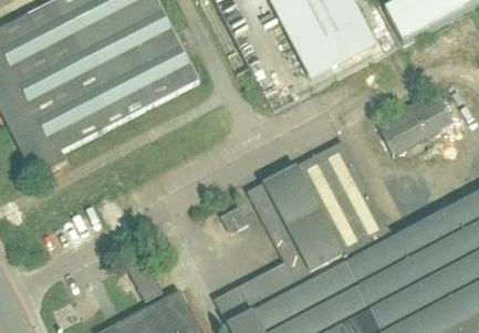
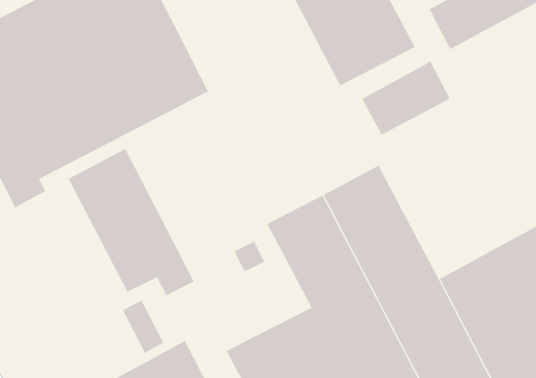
building: [376,90,451,153] -> [361,61,451,136]
building: none -> [68,148,194,296]

